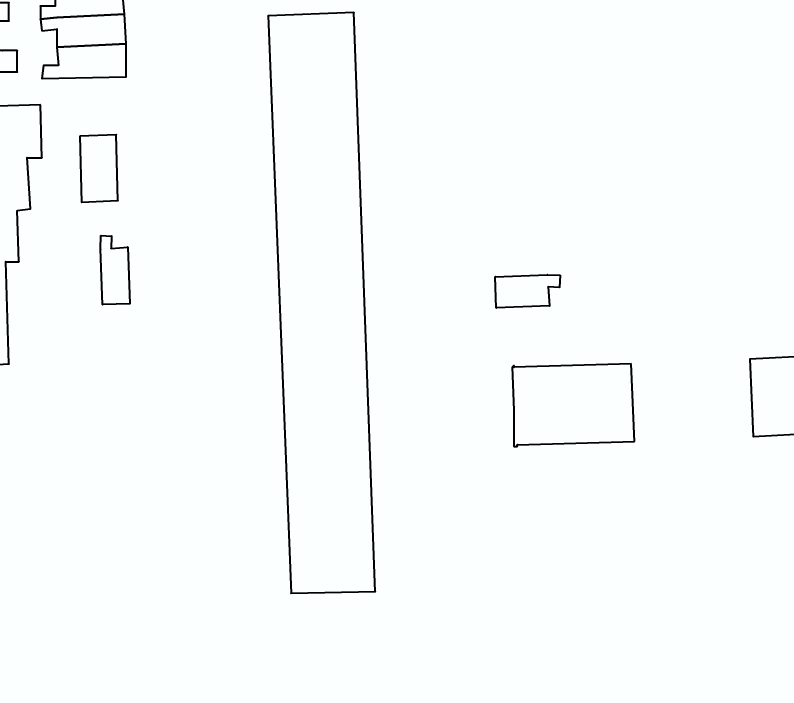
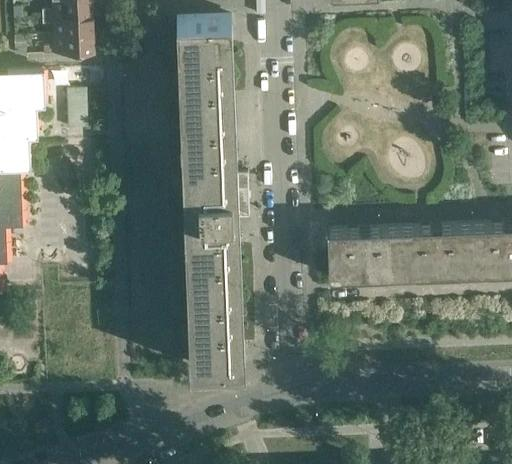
building: [101,236,130,305] -> none
building: [495,275,560,308] -> none
building: none -> [397,235,471,285]

